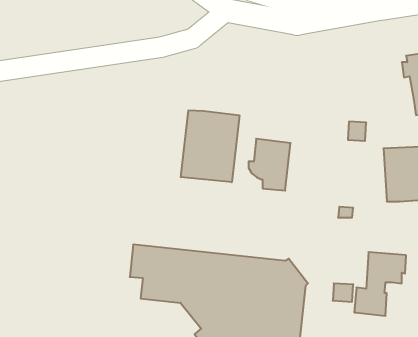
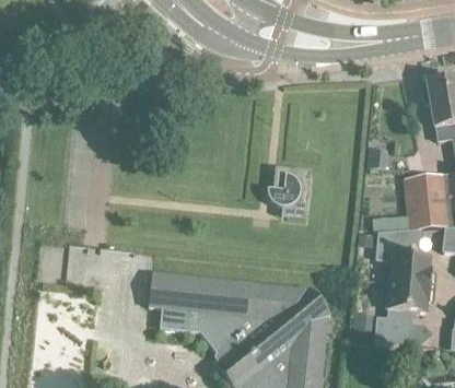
building: [181,110,239,182] -> none
building: none -> [377,228,430,283]

